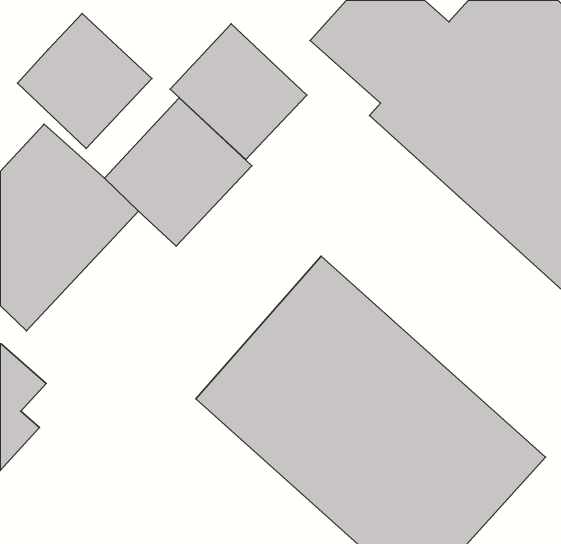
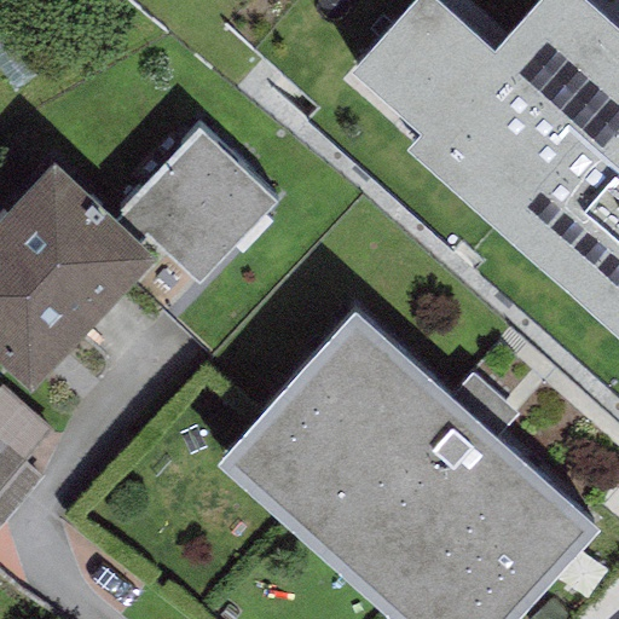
building: [17,14,152,148] -> none
building: [170,24,307,160] -> none

